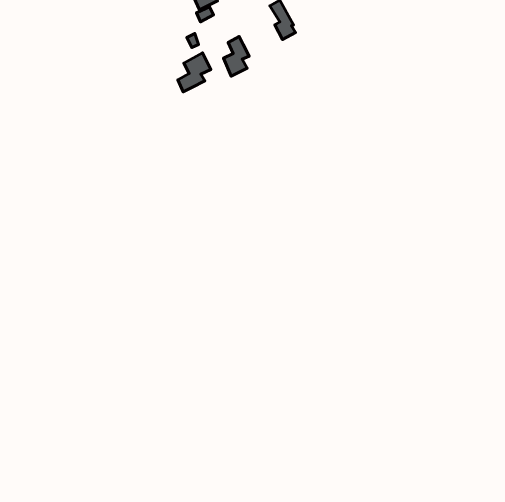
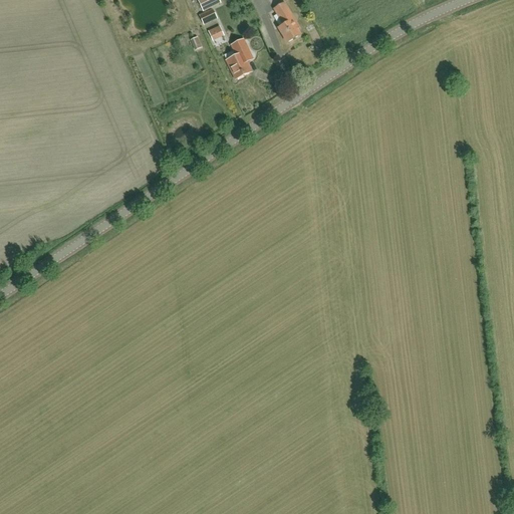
building: [178,53,211,92] -> none

